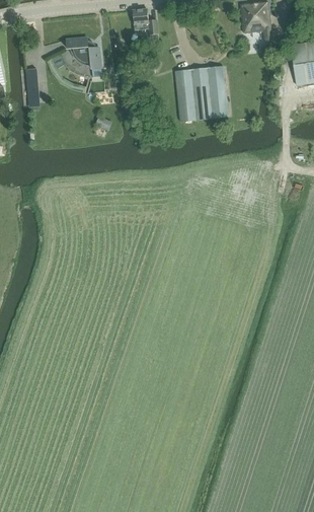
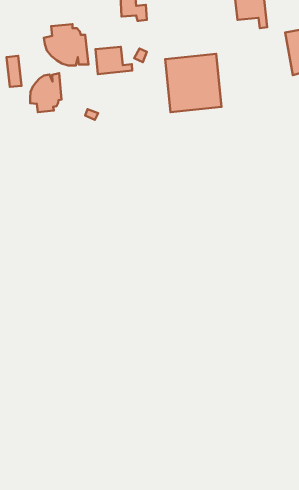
building: none -> [96,47,132,74]
building: none -> [30,73,62,112]

